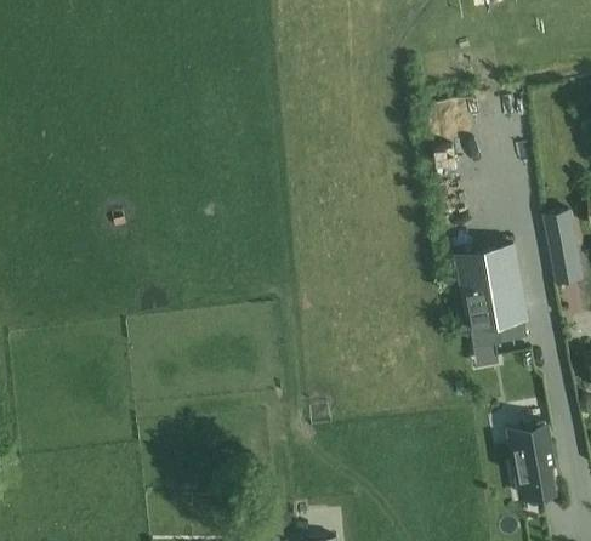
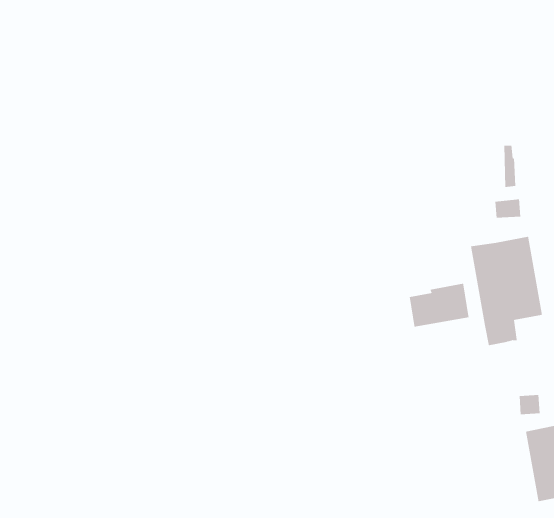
building: none -> [409,283,469,328]

